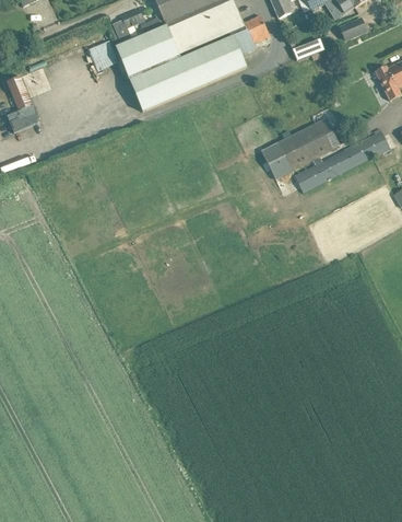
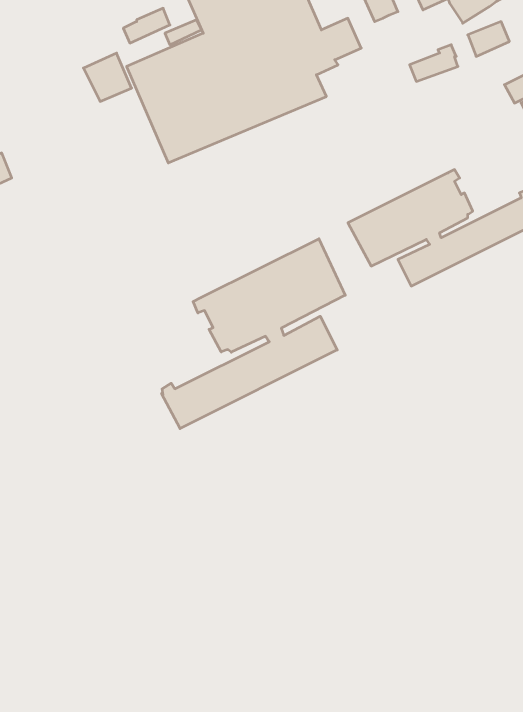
building: none -> [162,239,345,429]

